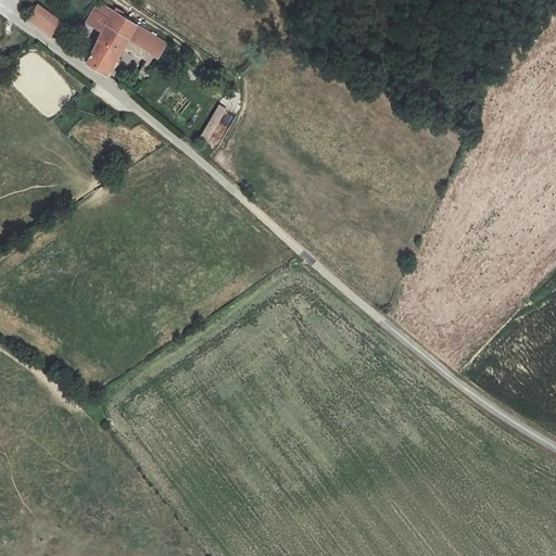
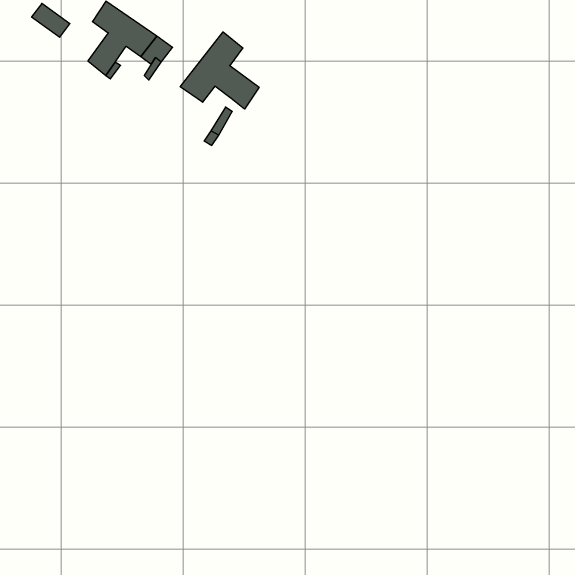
building: none -> [180,32,259,109]

